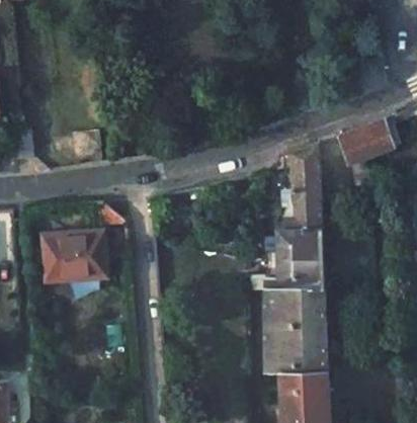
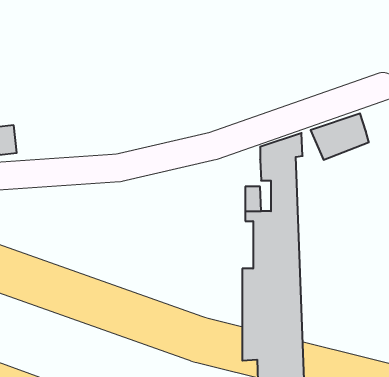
building: [45,235,106,282] -> none

